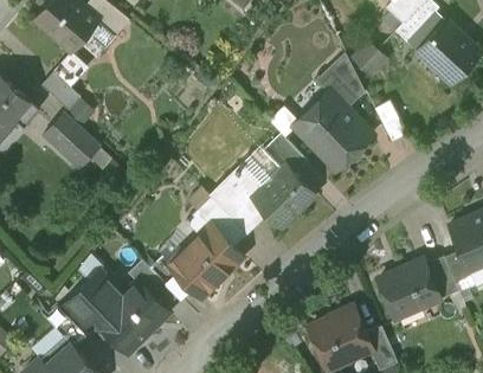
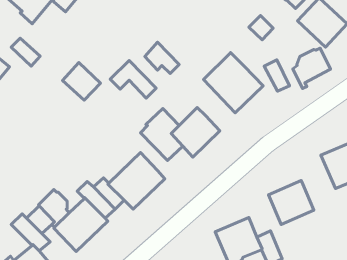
building: [316,52,365,109] -> none
building: none -> [293,48,331,88]
building: [43,111,92,161] -> [62,62,100,100]
building: [263,133,308,174] -> [145,42,179,74]
building: [186,197,246,246] -> [110,60,156,98]
building: [424,256,458,298] -> none

